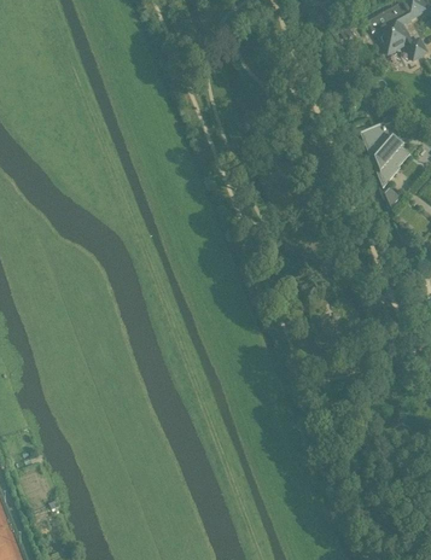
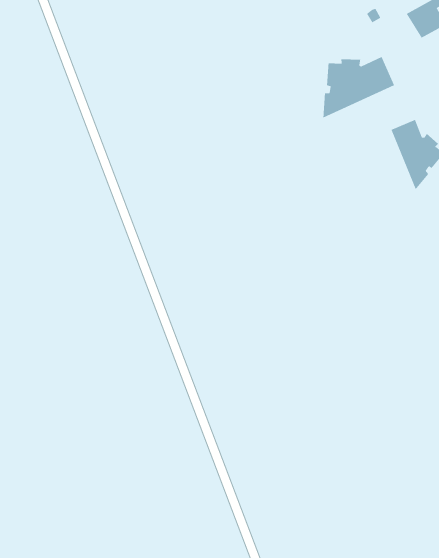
building: none -> [323,56,396,118]

